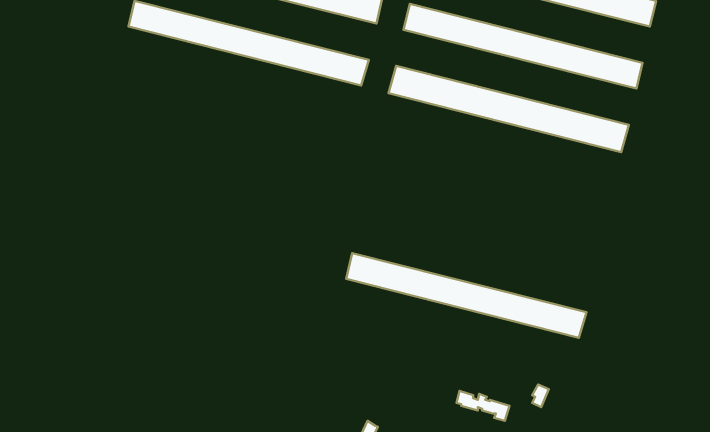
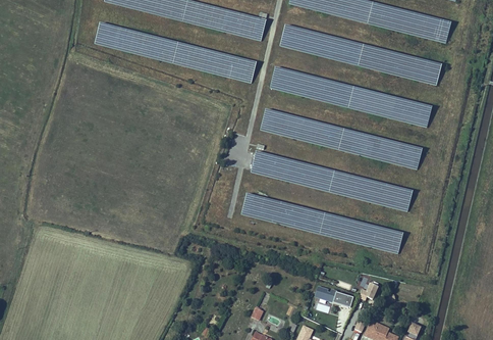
building: none -> [260,109,422,167]
building: none -> [251,152,413,209]

